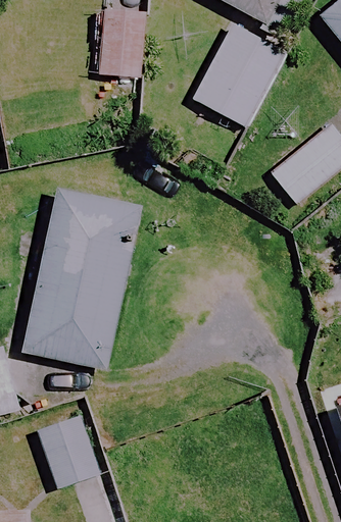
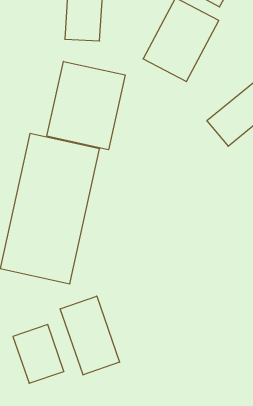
building: none -> [47,61,125,150]
building: none -> [60,296,120,375]

